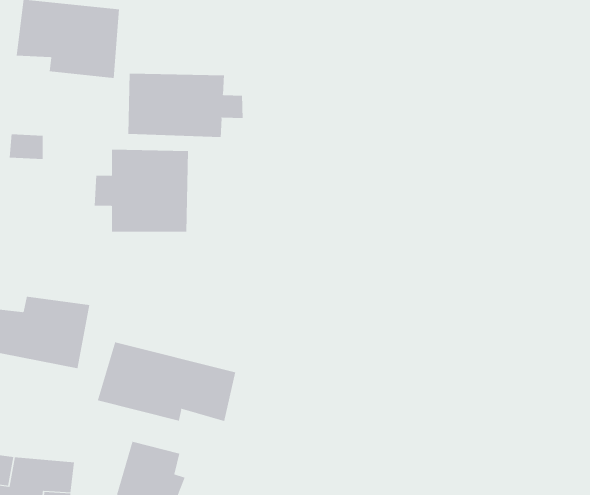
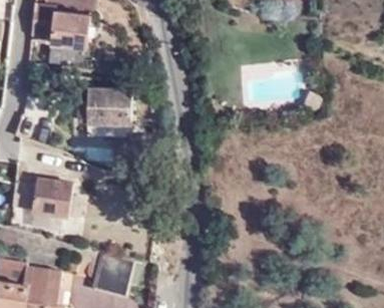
building: [128,73,243,138] -> none
building: [97,341,236,422] -> none

